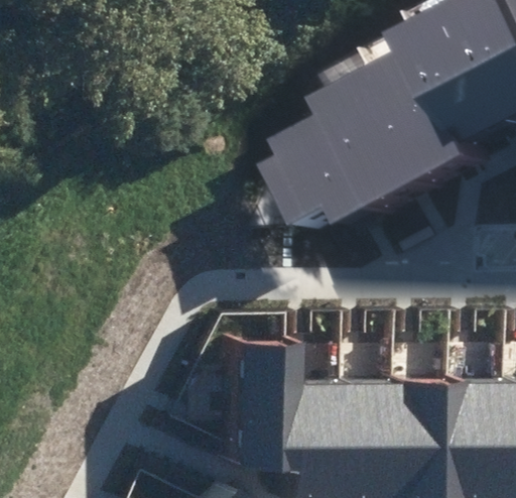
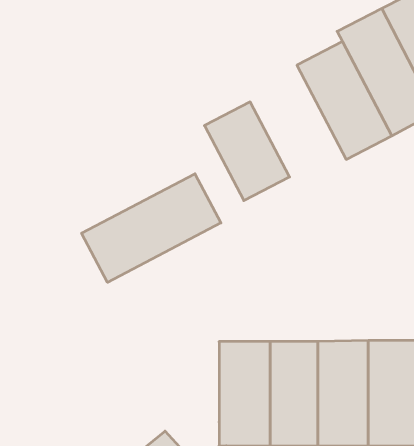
building: [308,75,419,208] -> none
building: none -> [82,174,221,282]
building: [225,341,279,468] -> none

